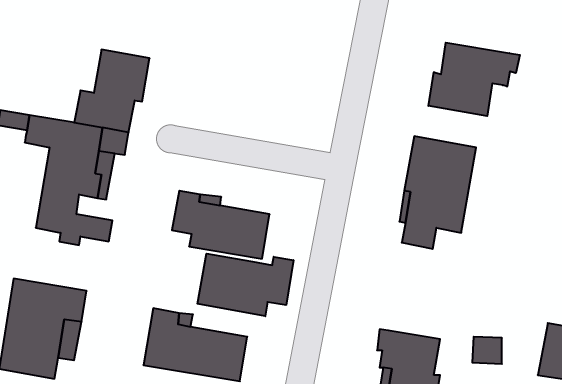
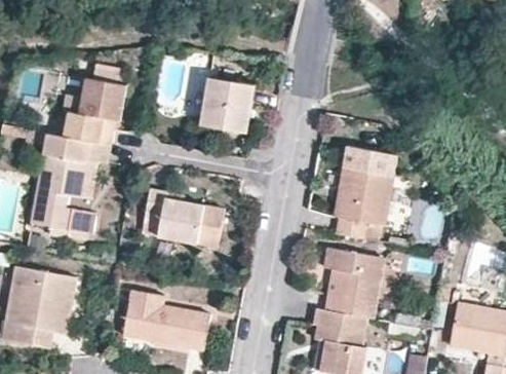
building: [428,43,520,116] -> none
building: none -> [201,81,254,136]
building: [197,254,293,316] -> none
building: none -> [323,247,383,316]

